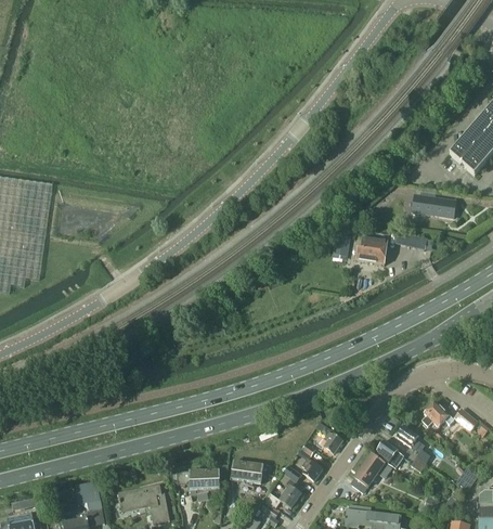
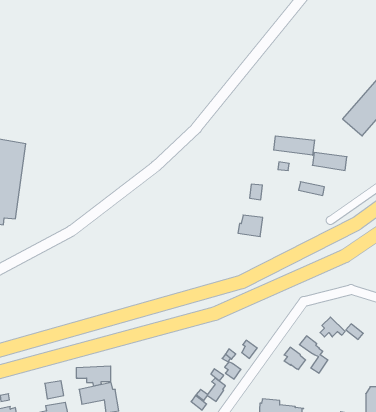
building: none -> [274,136,315,155]
building: [355,236,387,263] -> [238,215,263,237]
building: [351,453,390,492] -> none
building: [229,460,268,486] -> none
building: [176,468,219,493] -> [76,366,111,386]

